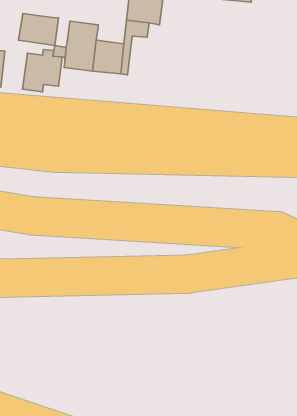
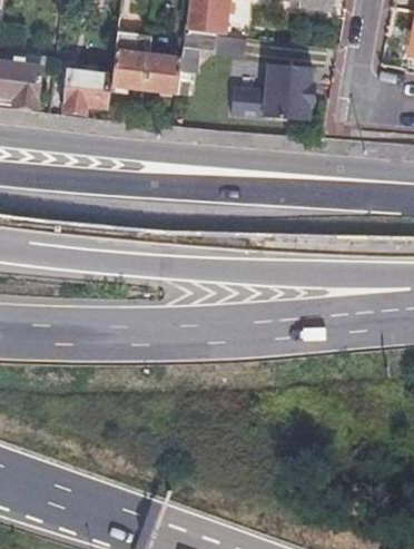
building: [18,14,58,46] -> none
building: none -> [233,63,318,120]

